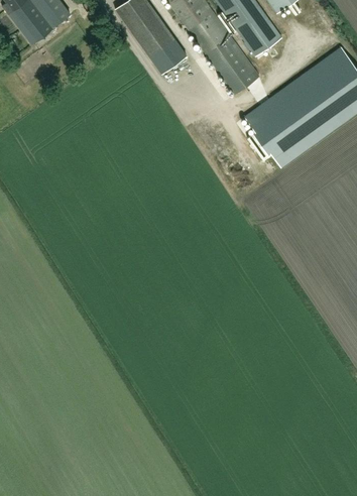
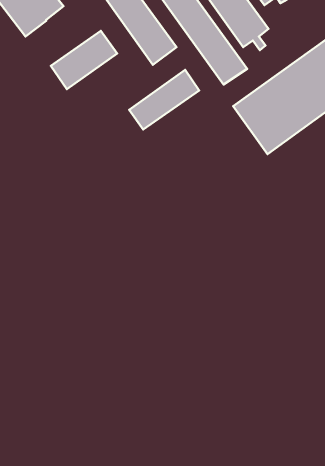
building: none -> [51,31,117,89]
building: none -> [129,70,199,130]

